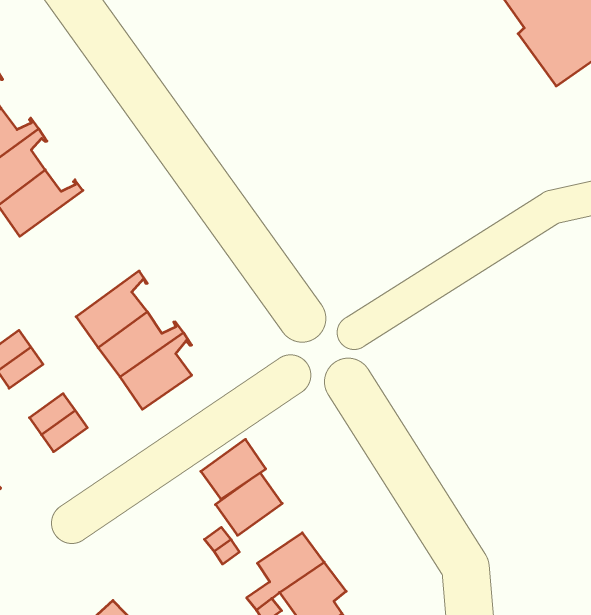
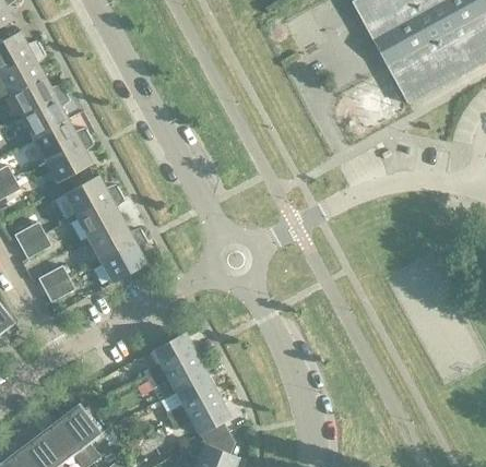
building: none -> [45,135,94,182]
building: none -> [63,176,120,217]
building: [201,439,266,499] -> [164,355,206,392]

